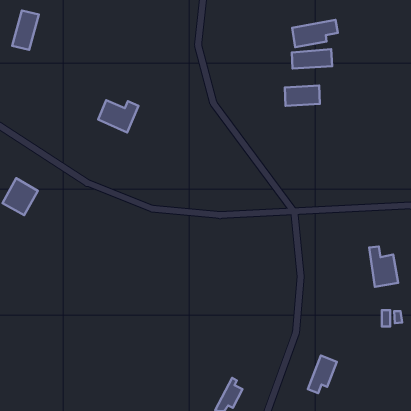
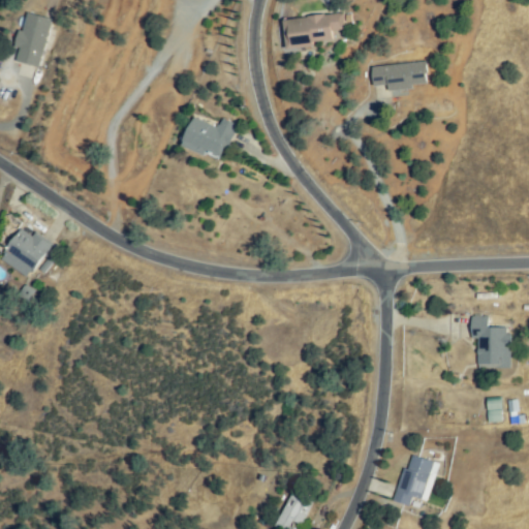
building: [292,20,338,47] -> [285,11,344,46]
building: [285,85,320,106] -> none
building: [98,100,138,132] -> [183,118,235,159]

